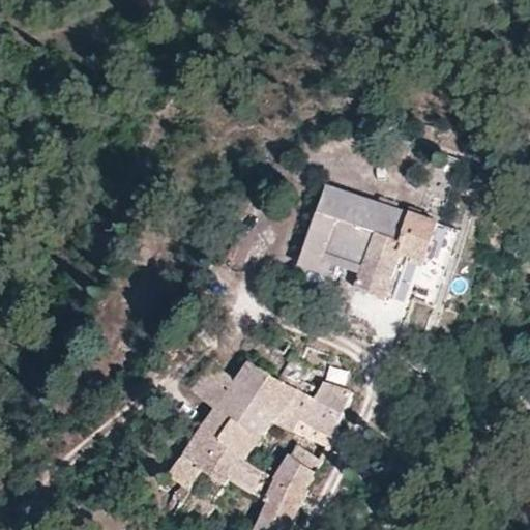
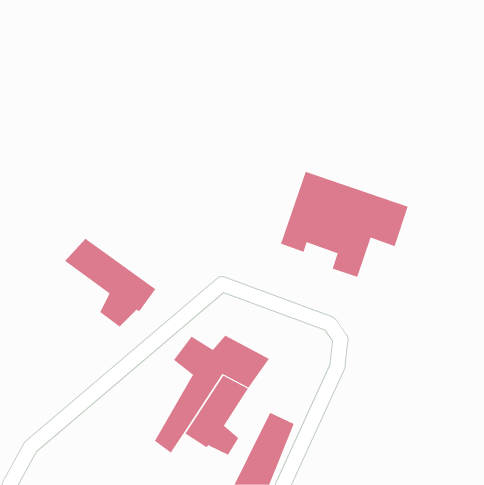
building: none -> [64,238,156,328]
building: [269,378,348,437] -> none

